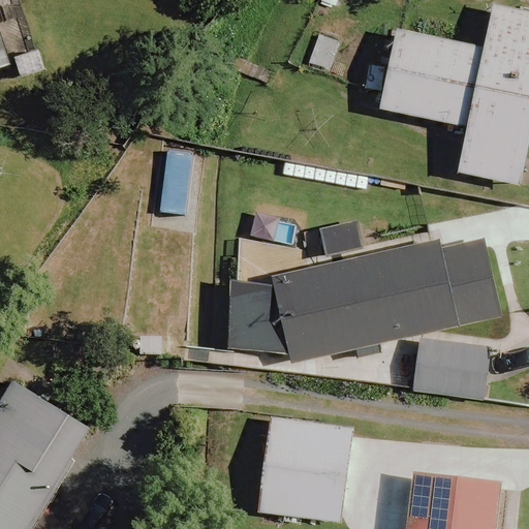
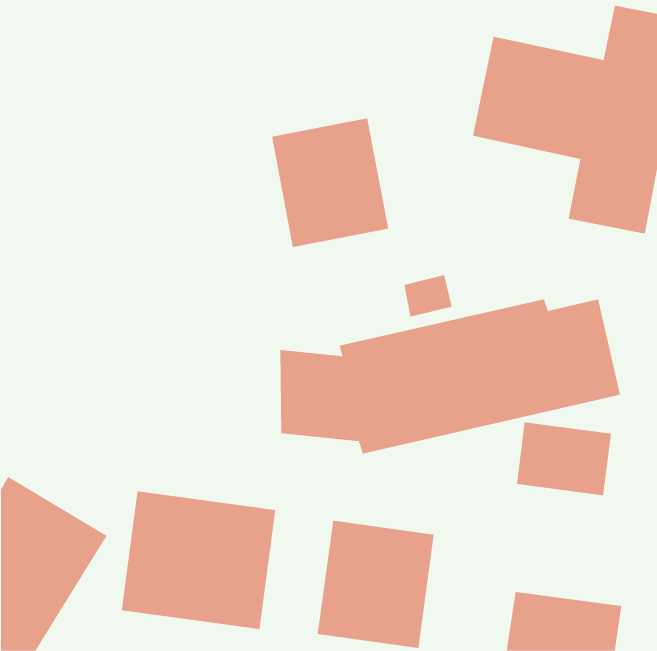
building: none -> [271,118,389,248]
building: none -> [121,491,276,630]

